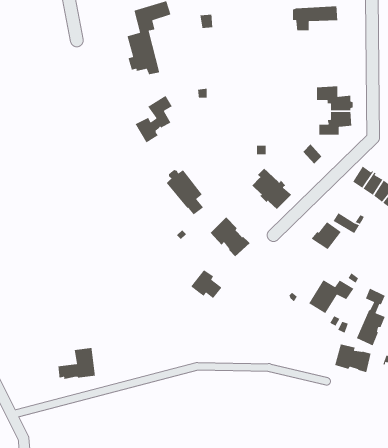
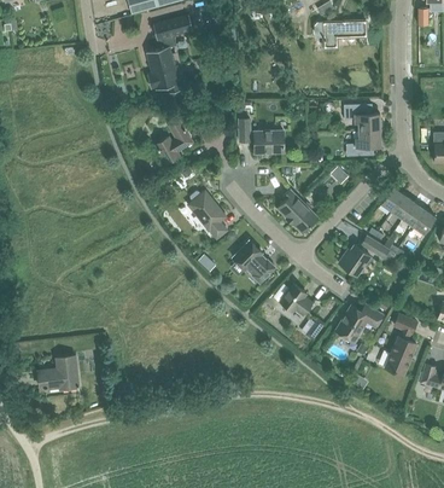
building: none -> [239,120,284,153]
building: [190,269,222,299] -> [279,284,312,315]
building: [334,343,372,373] -> none
building: [58,347,96,380] -> [39,356,78,390]

